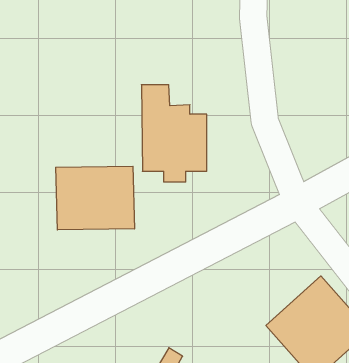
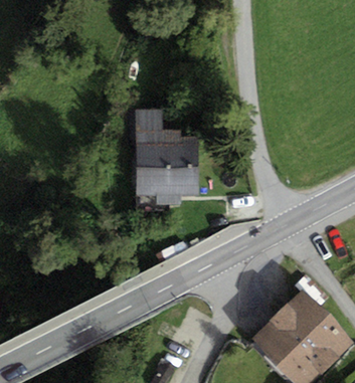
building: [56,166,134,230] -> none

